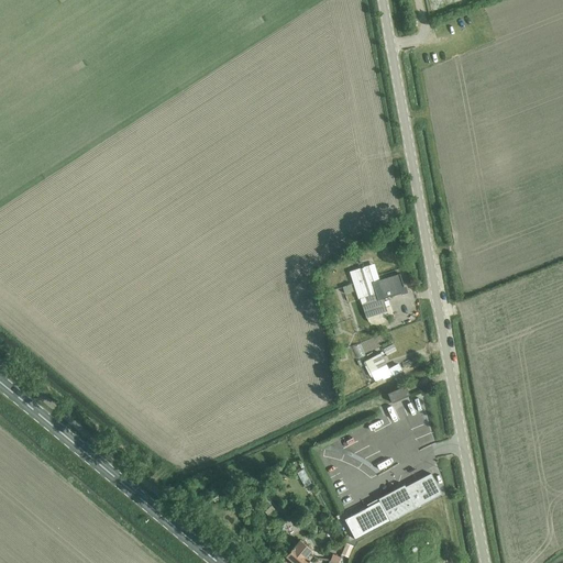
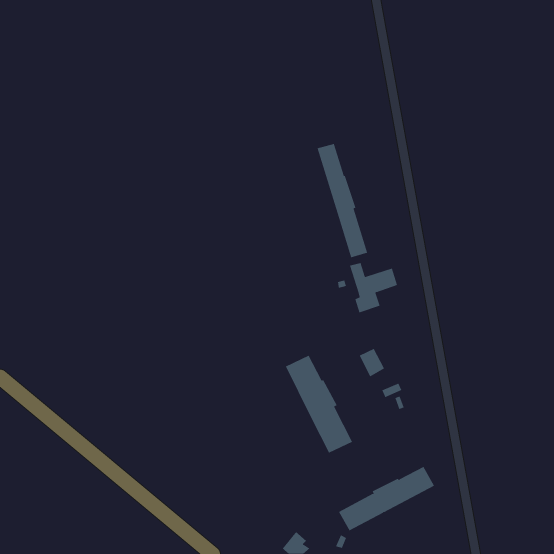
building: none -> [317,143,368,258]
building: none -> [285,355,353,454]

